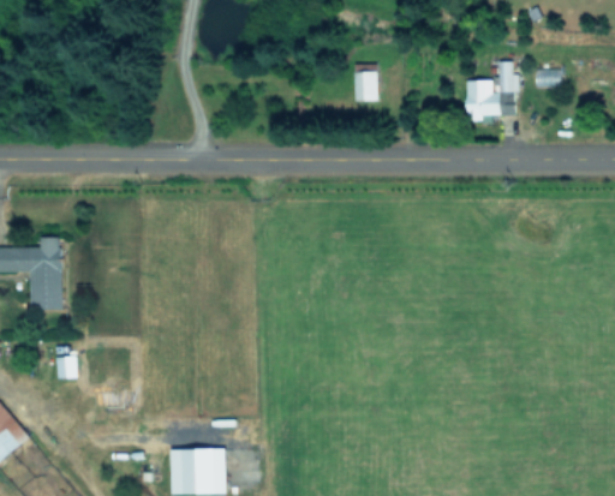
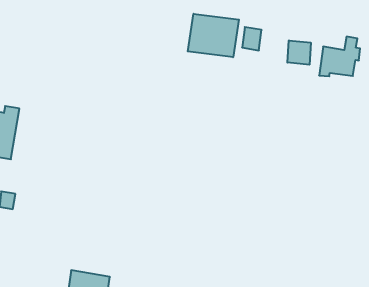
building: none -> [188,14,239,57]
building: none -> [287,40,311,65]

